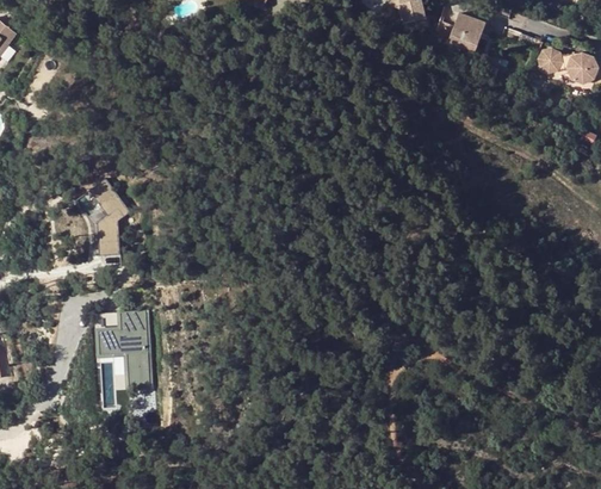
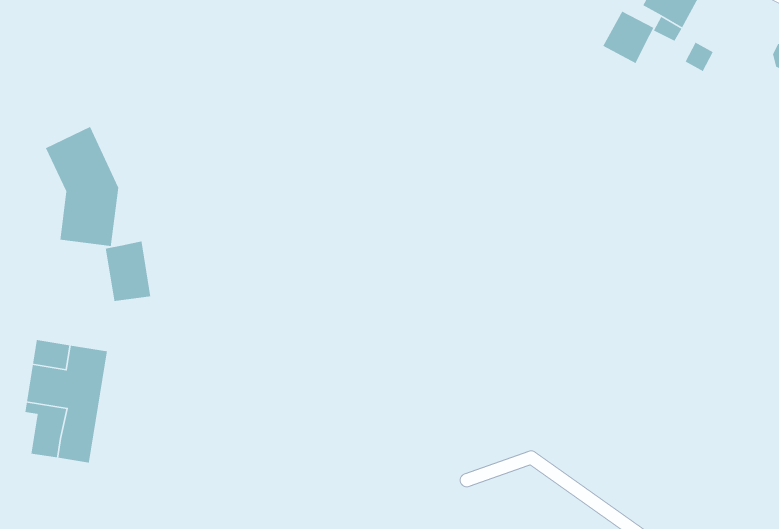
building: none -> [602,11,655,64]
building: none -> [105,241,151,302]

